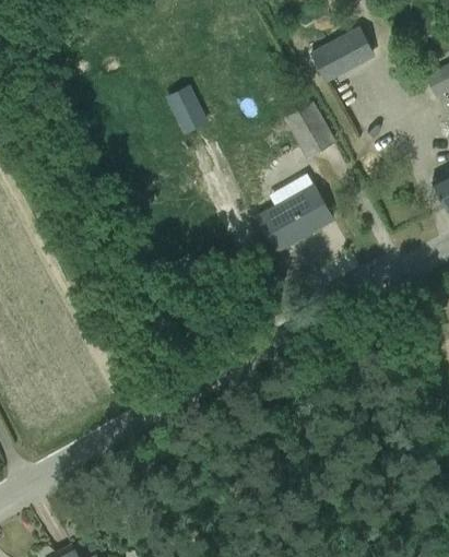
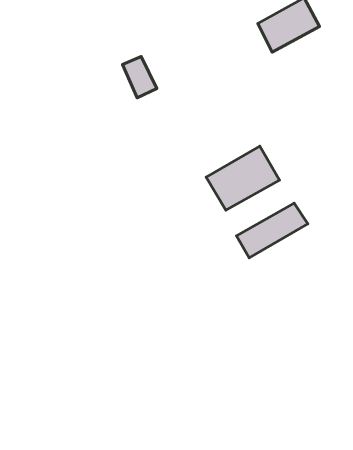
building: [284,103,335,158] -> none
building: none -> [236,203,308,258]

